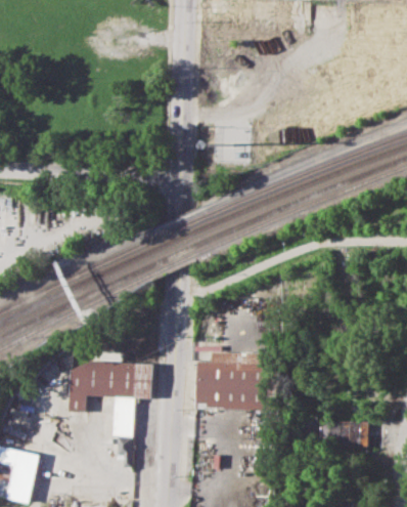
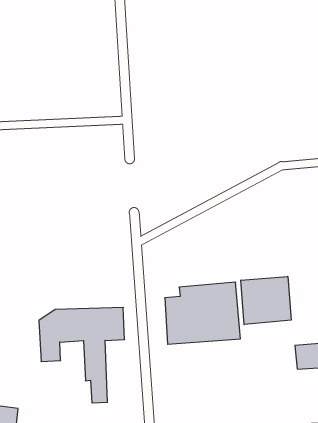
building: none -> [241,276,291,325]

